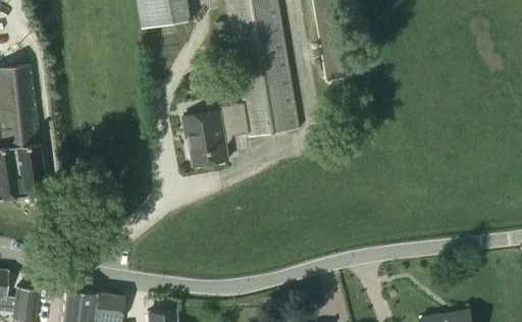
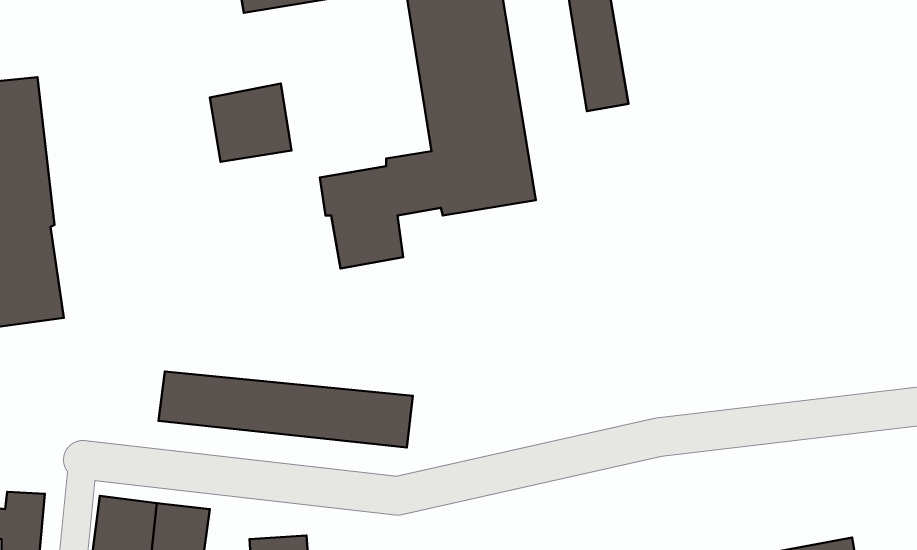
building: none -> [210,84,292,162]
building: none -> [159,372,413,447]

